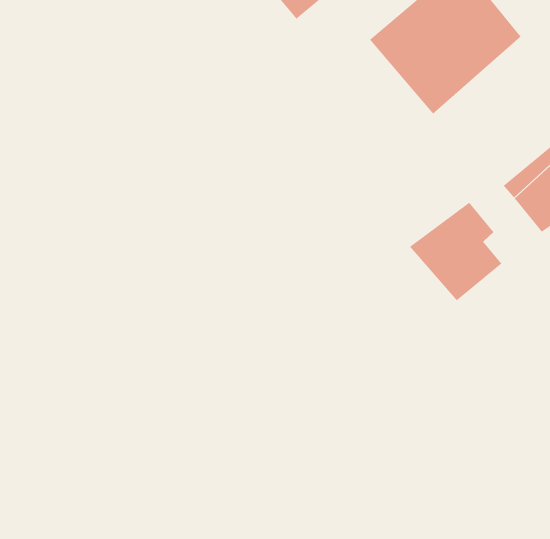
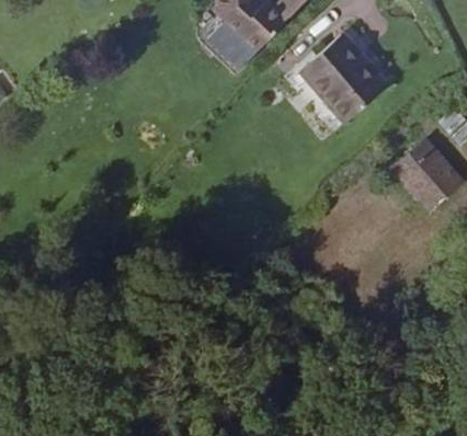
building: [409,202,502,301] -> none

